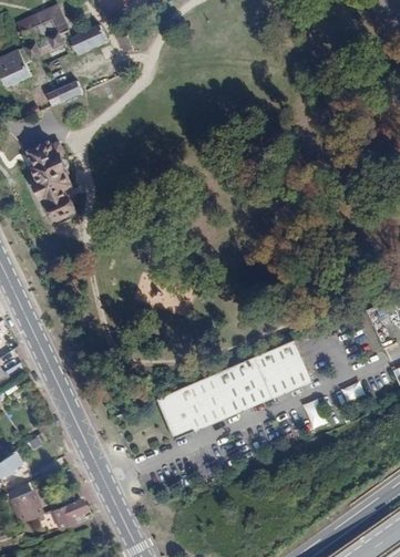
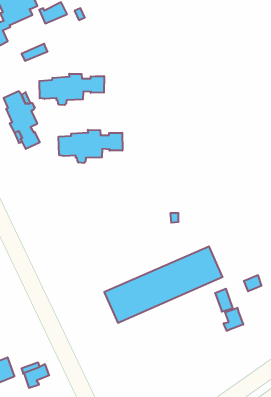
building: none -> [39,74,104,105]
building: none -> [59,130,122,163]
building: none -> [224,308,243,331]

